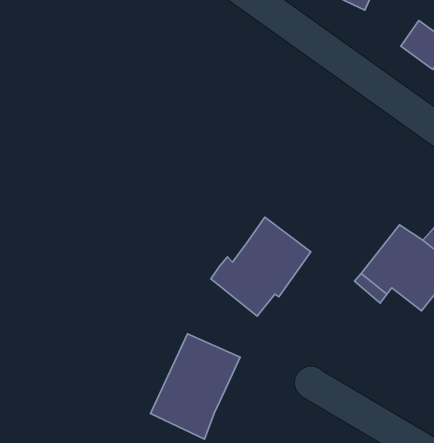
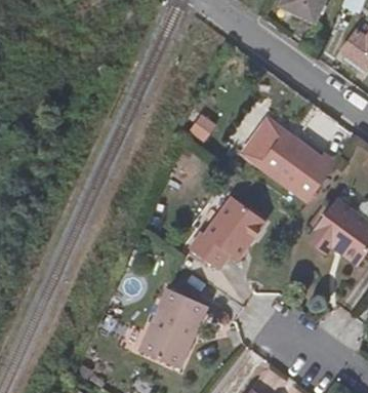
building: none -> [244,112,340,196]

